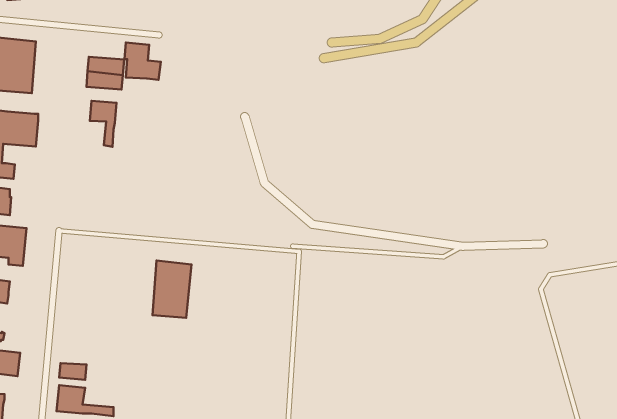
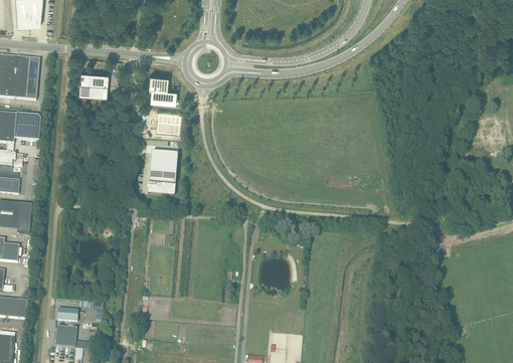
building: [125,42,161,80] -> [148,73,176,103]
building: [90,101,117,147] -> none
building: none -> [156,113,178,133]
building: [153,261,191,318] -> [147,151,177,195]

